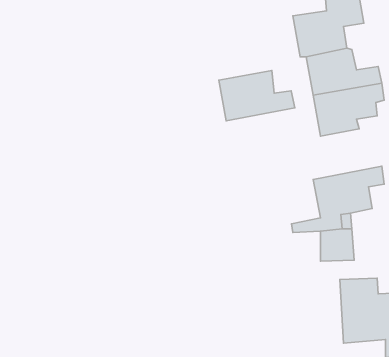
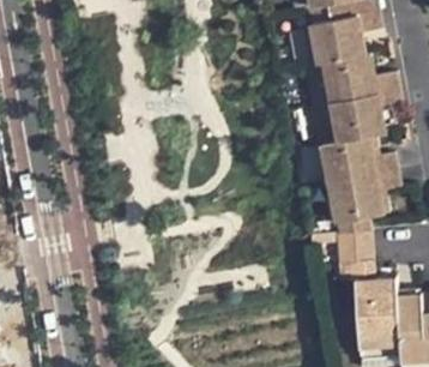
building: [219,70,295,121] -> [320,130,395,180]

